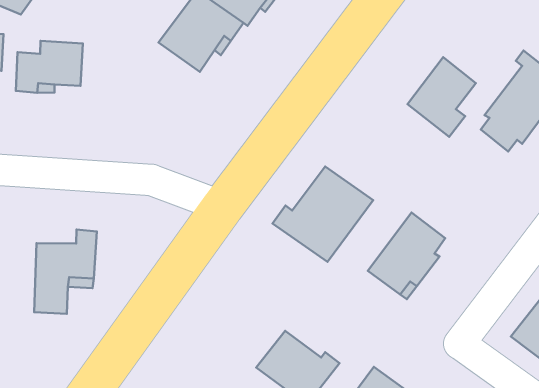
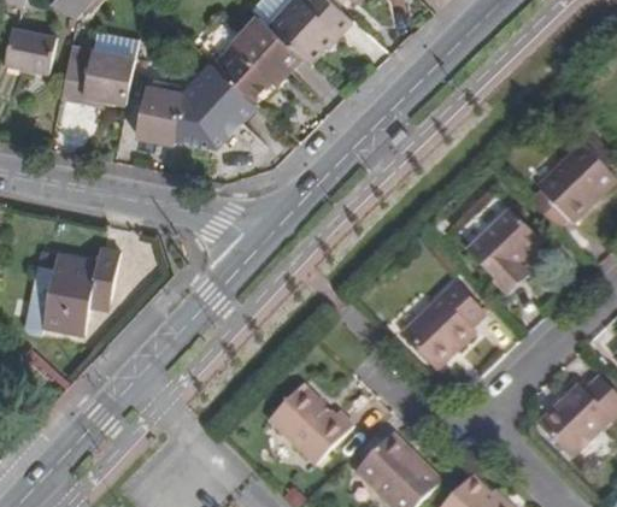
building: none -> [135,67,253,153]
building: [407,57,476,137] -> [468,207,541,290]
building: [273,167,373,262] -> none

